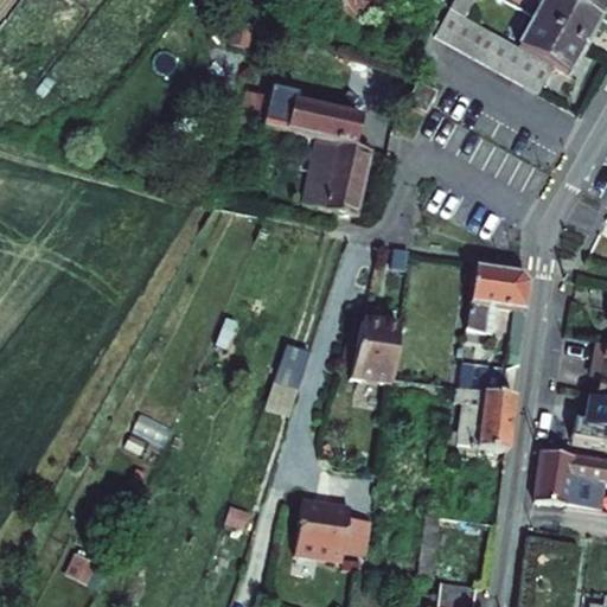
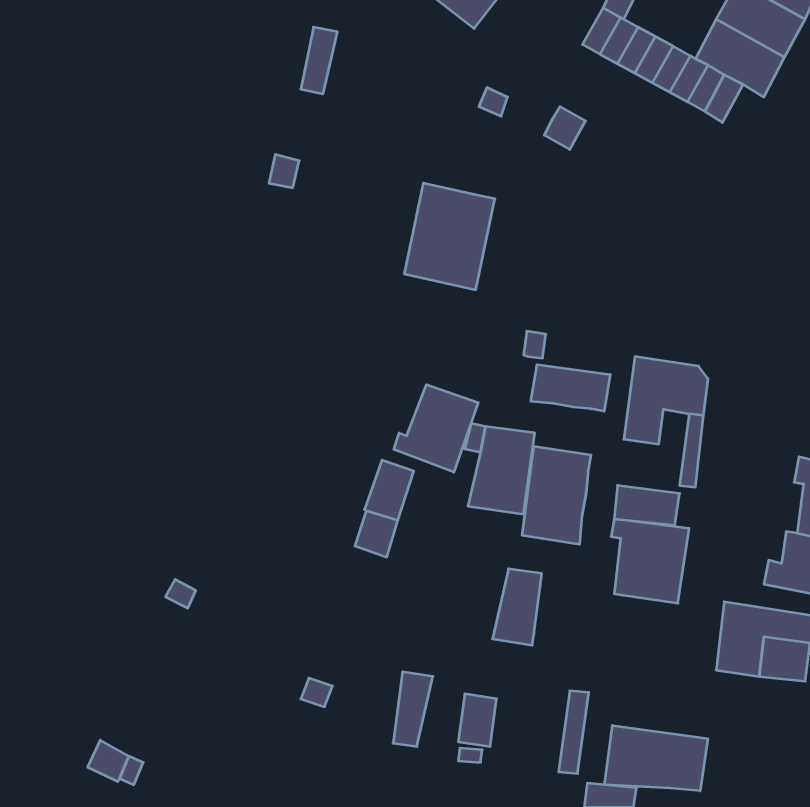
building: [243,90,360,145] -> none
building: none -> [531,365,610,411]
building: none -> [394,385,478,472]
building: none -> [522,446,591,544]
building: [313,504,350,561] -> [492,569,542,645]
building: none -> [605,725,708,791]

